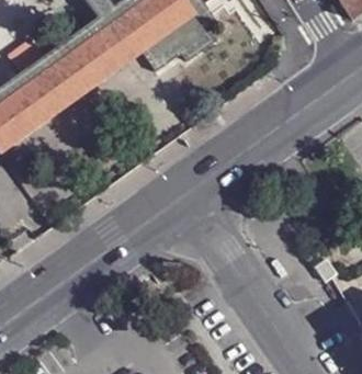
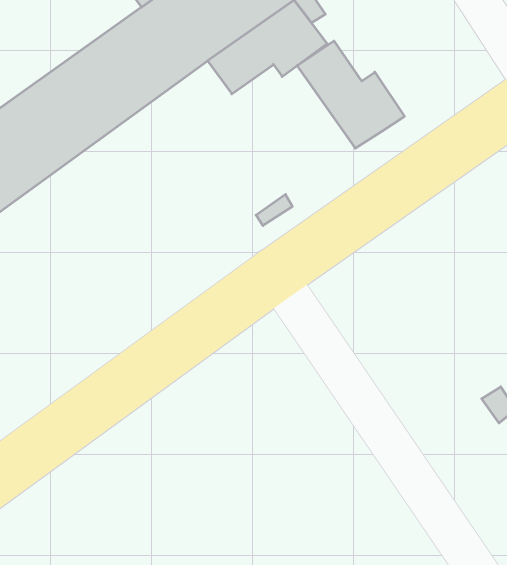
building: none -> [297,41,404,148]

